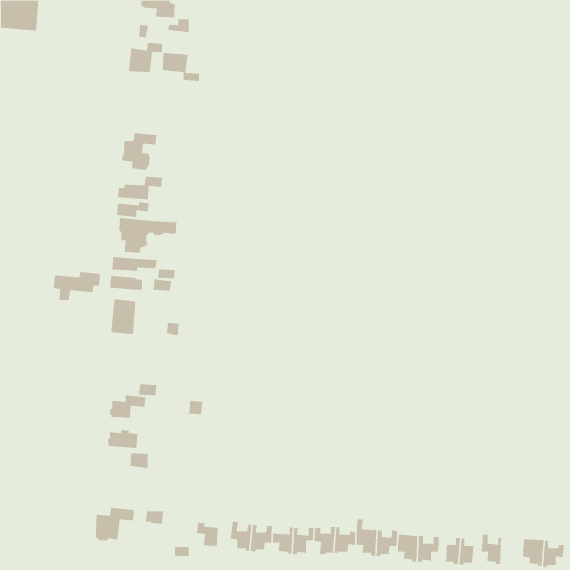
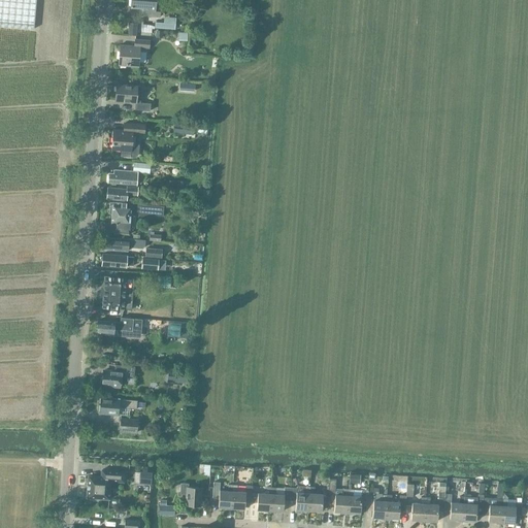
building: [162,52,200,81] -> [117,85,152,111]
building: [53,272,101,301] -> [97,318,141,344]
building: none -> [463,497,484,522]

